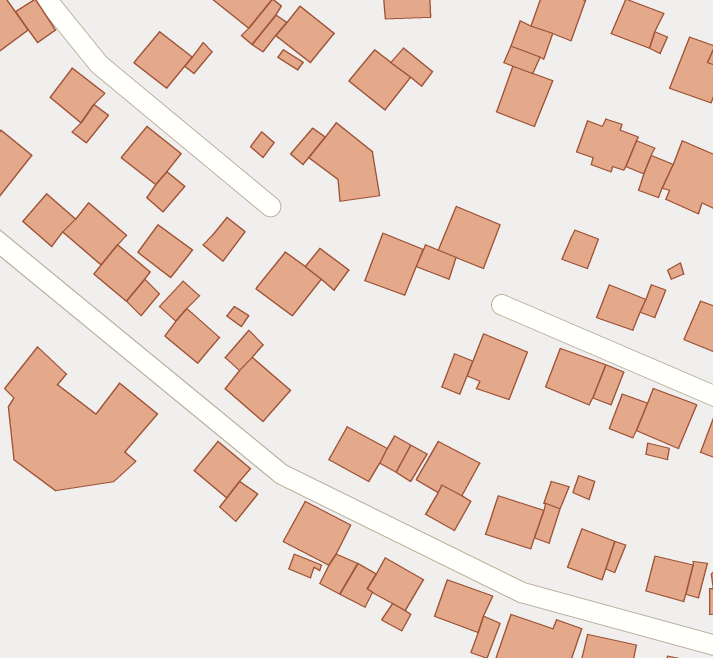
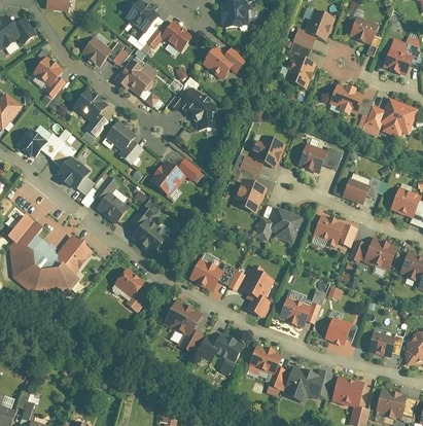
building: none -> [116,59,154,96]
building: none -> [297,142,327,173]
building: [138,225,193,278] -> [106,120,137,150]
building: [365,233,423,295] -> [234,178,267,213]

